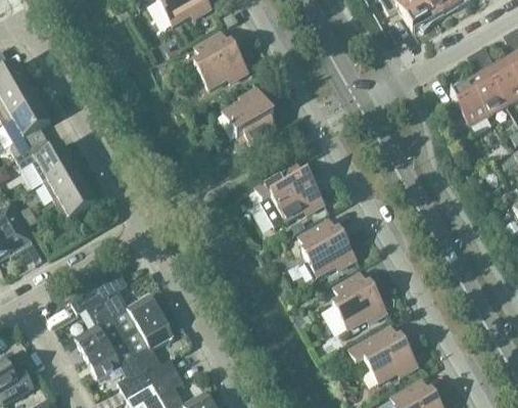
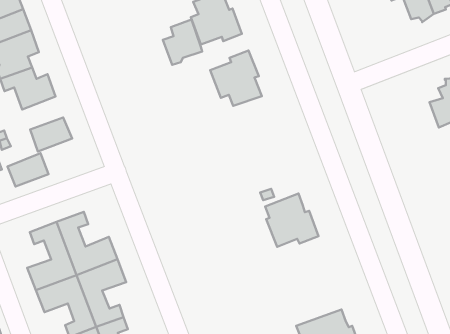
building: none -> [163,19,202,65]
building: [44,164,86,200] -> [7,153,49,186]
building: [256,165,325,227] -> none
building: [334,274,387,329] -> none

